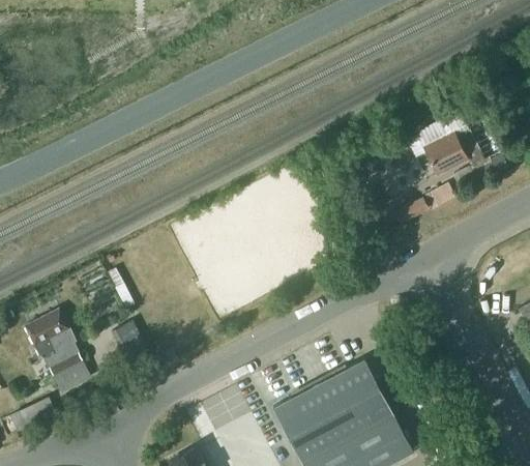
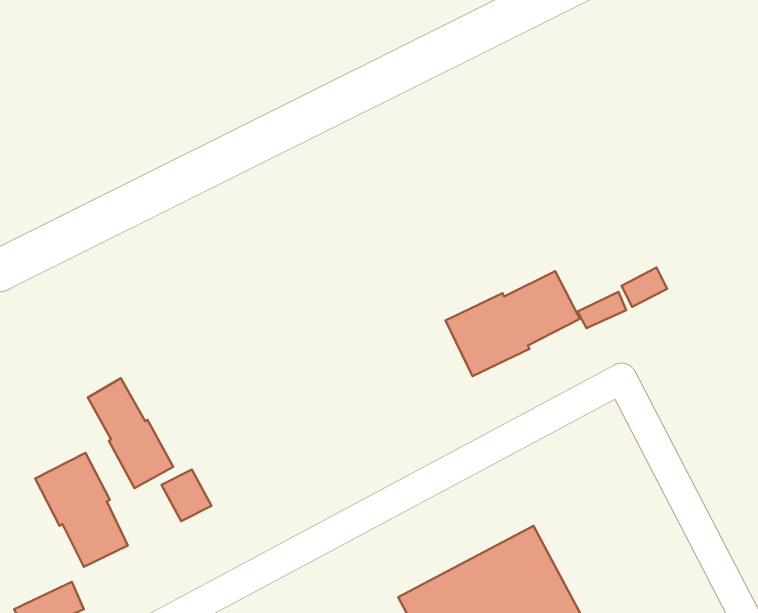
building: [424,129,503,182] -> none
building: none -> [446,271,580,376]
building: none -> [88,378,173,488]

